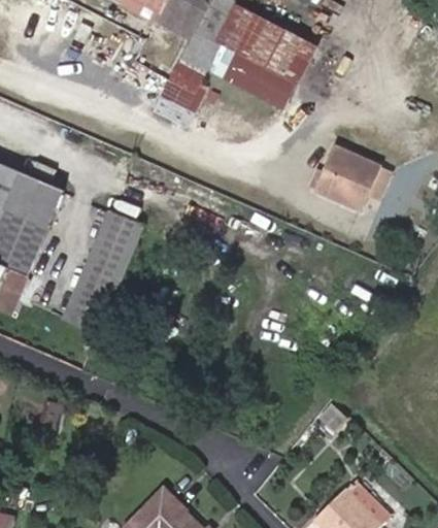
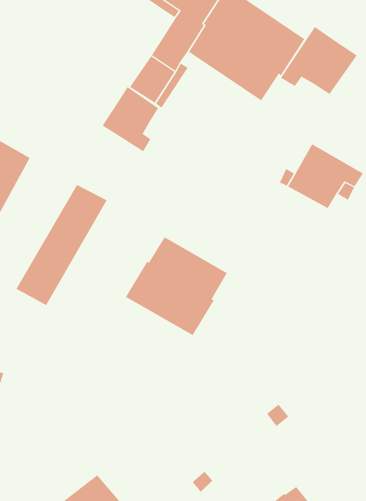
building: none -> [280,26,358,95]
building: none -> [102,86,159,152]
building: none -> [125,237,228,336]

